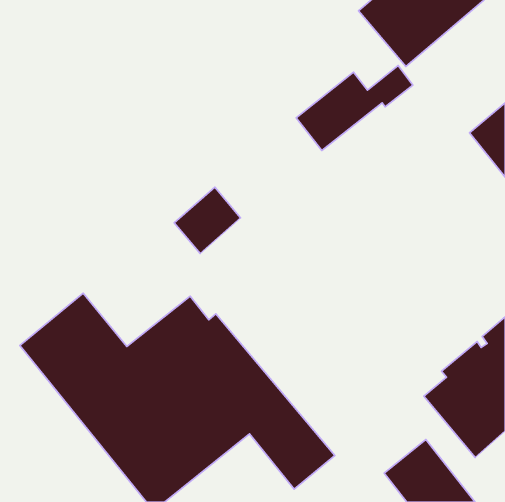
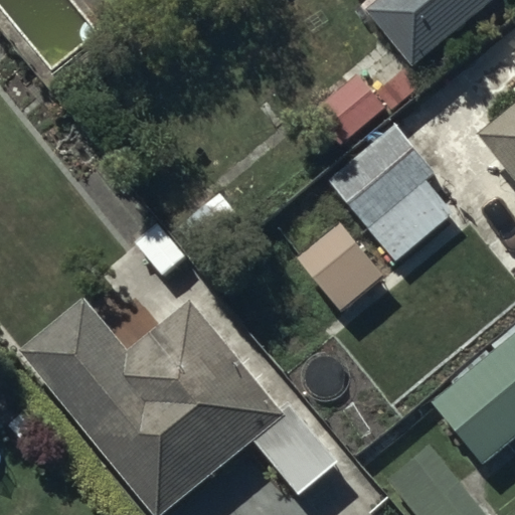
building: none -> [296,126,451,312]

